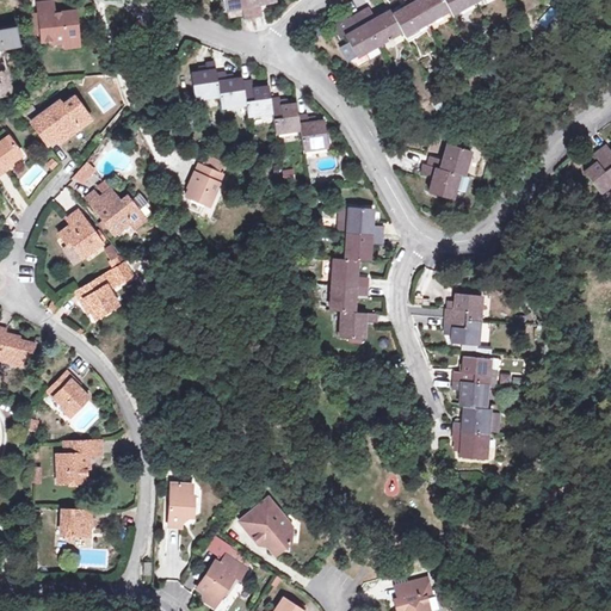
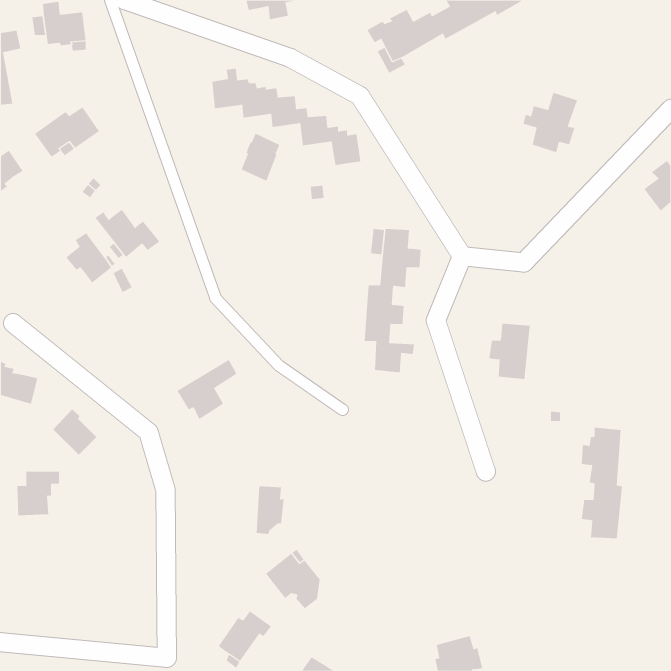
building: [421,144,471,199] -> [523,92,578,153]
building: [185,163,221,208] -> [241,133,280,181]
building: [75,264,130,319] -> [177,359,237,420]
building: [452,356,490,457] -> [581,427,623,539]
building: [57,442,97,482] -> [16,471,60,516]
building: [169,482,196,526] -> [256,486,285,534]
building: [62,508,97,535] -> none

